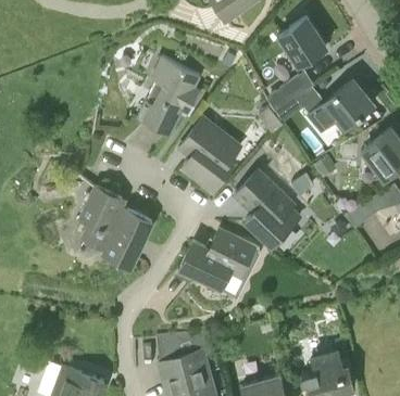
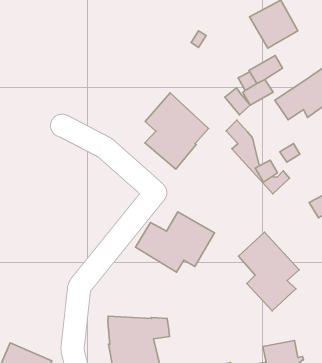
building: [137,58,202,136] -> none
building: [236,170,296,246] -> [238,232,299,311]
building: [79,188,151,268] -> none

